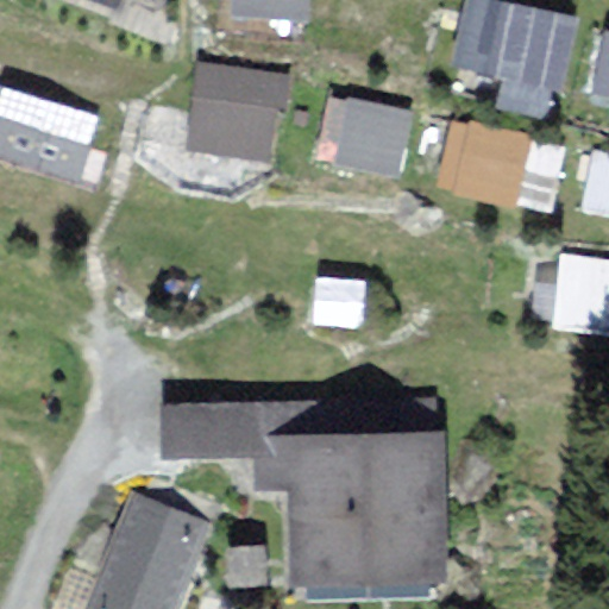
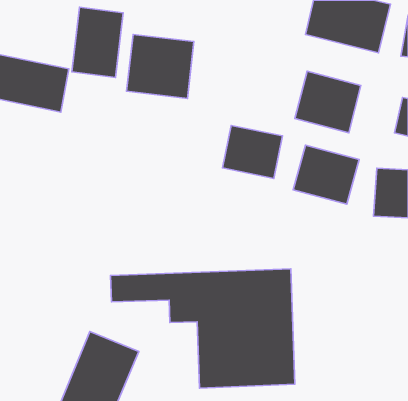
building: none -> [72,7,123,77]
building: [326,99,415,177] -> [222,126,282,178]
building: none -> [293,145,359,204]

